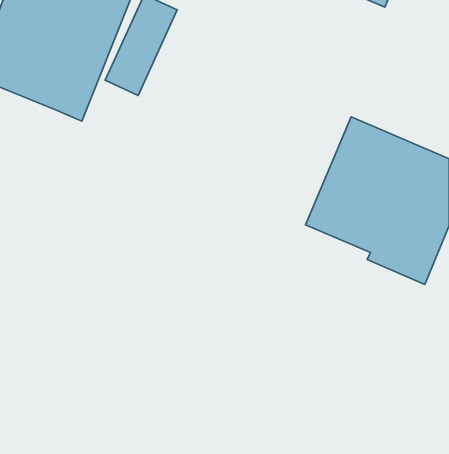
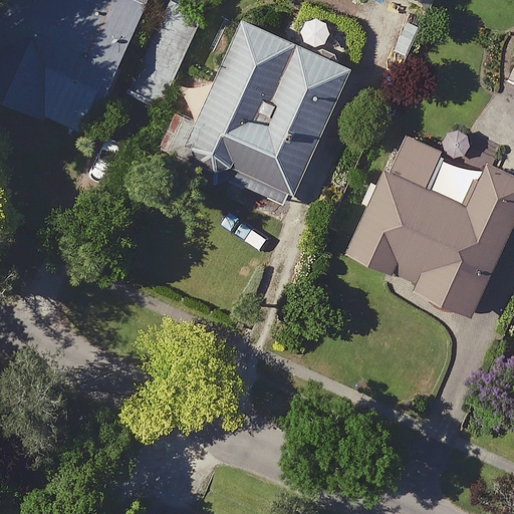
building: none -> [184,12,346,206]

